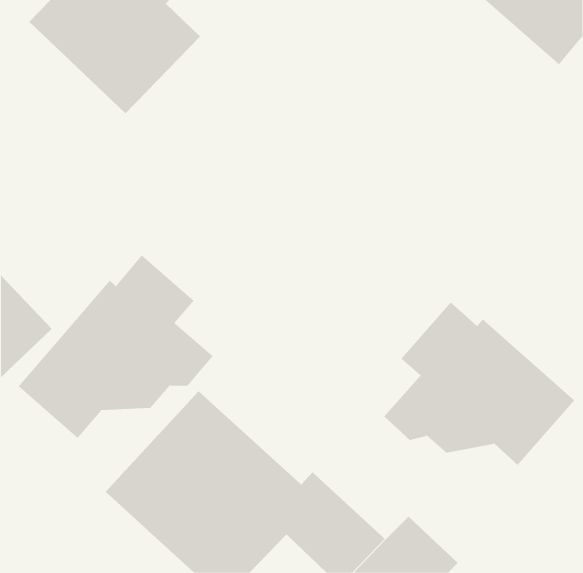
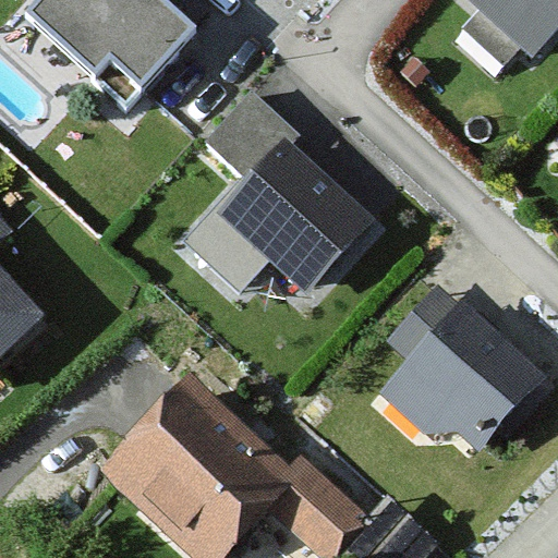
building: none -> [198,92,371,295]
building: [18,255,213,439] -> none

